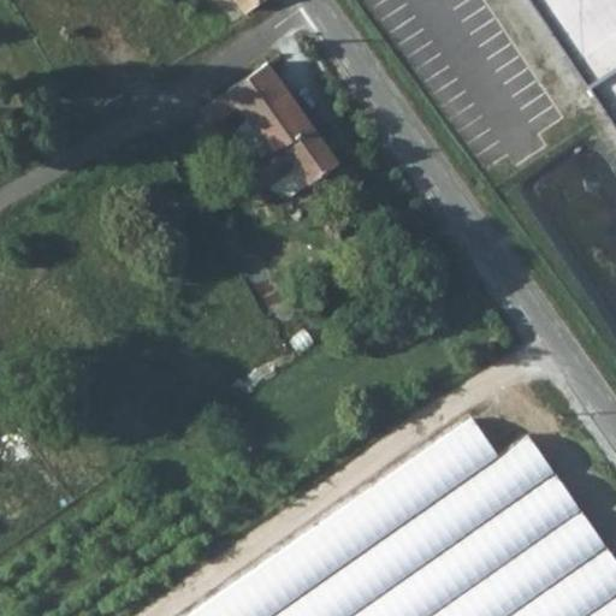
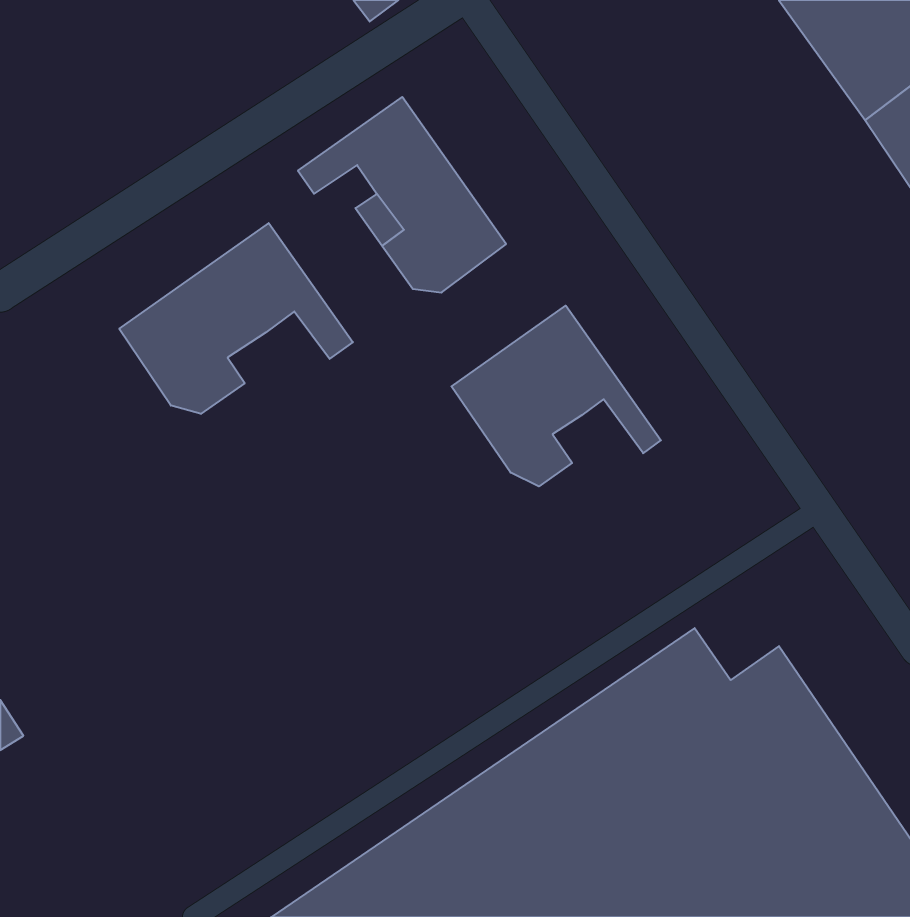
building: none -> [119,223,353,414]
building: none -> [451,306,661,486]

